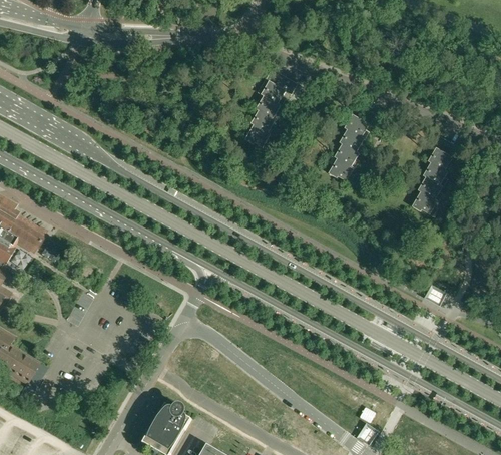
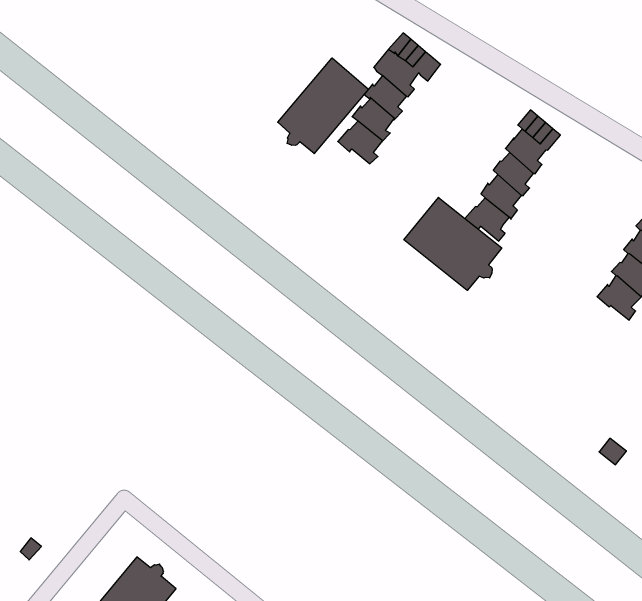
building: none -> [278,58,368,154]
building: none -> [404,197,502,290]

